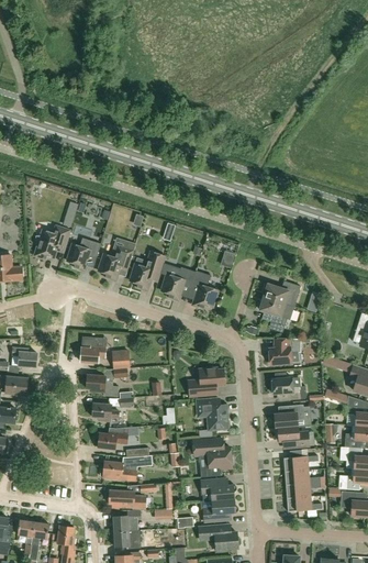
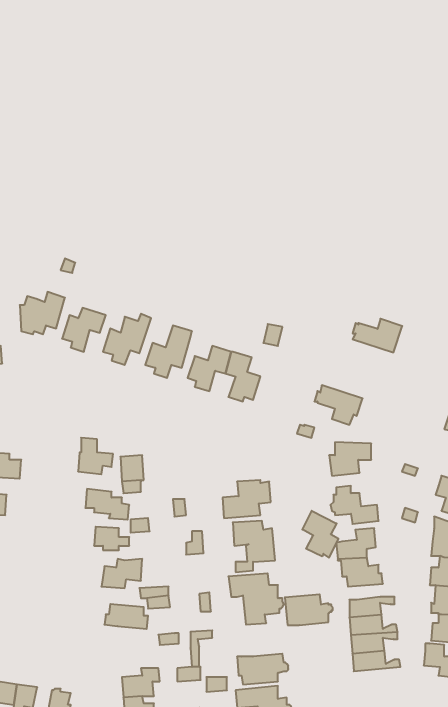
building: [264,280,301,306] -> [353,319,402,352]
building: none -> [302,511,338,558]
building: [201,477,237,500] -> [285,594,333,625]
building: [105,489,146,508] -> none

